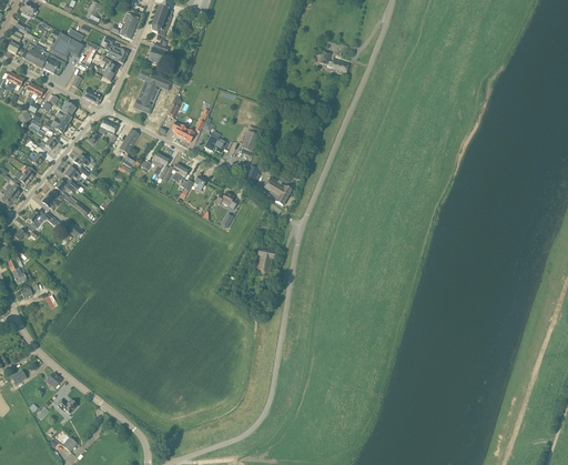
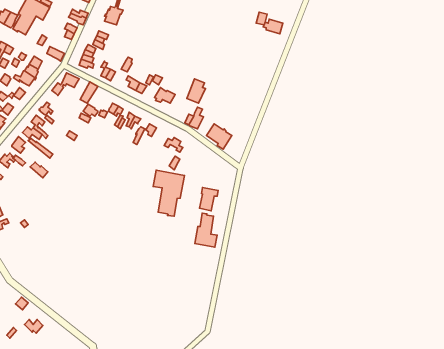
building: none -> [153,170,184,216]
building: none -> [195,213,217,247]

